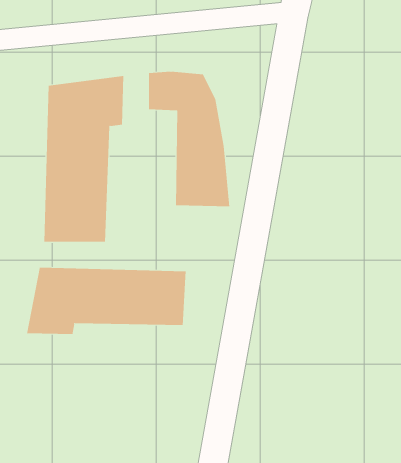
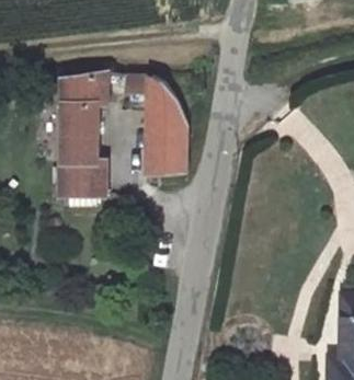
building: [27,267,186,335] -> none

